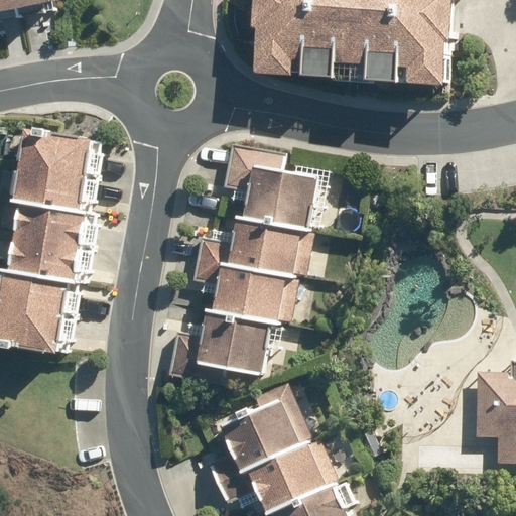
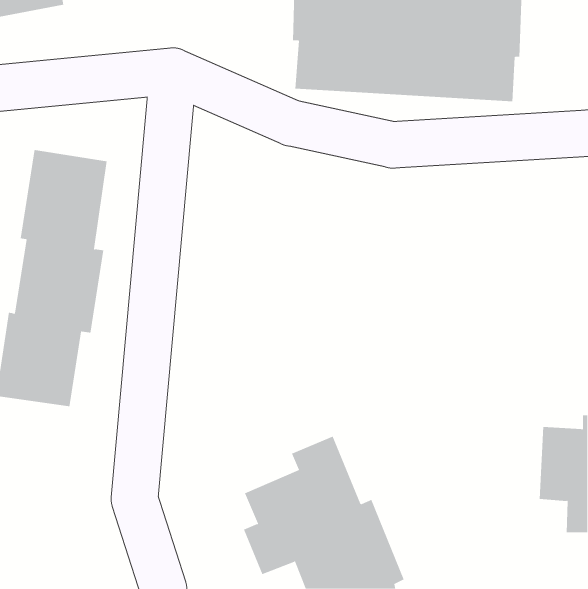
building: [170,145,316,384] -> none

